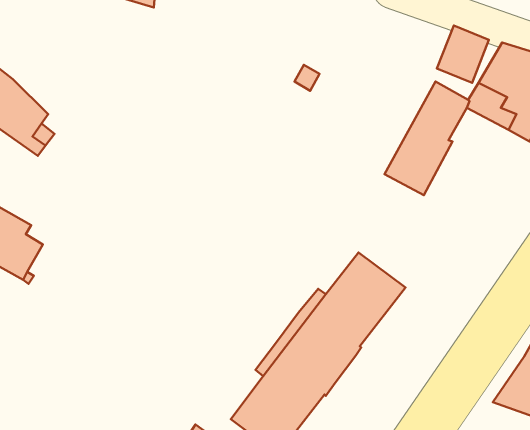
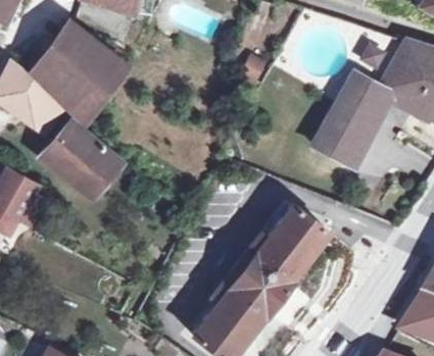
building: none -> [34,24,126,117]
building: none -> [44,121,119,195]

